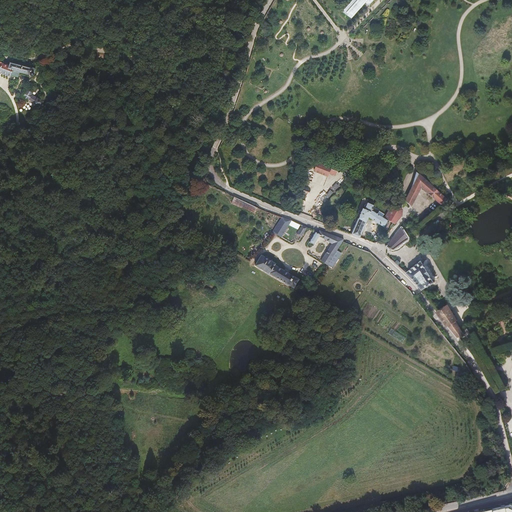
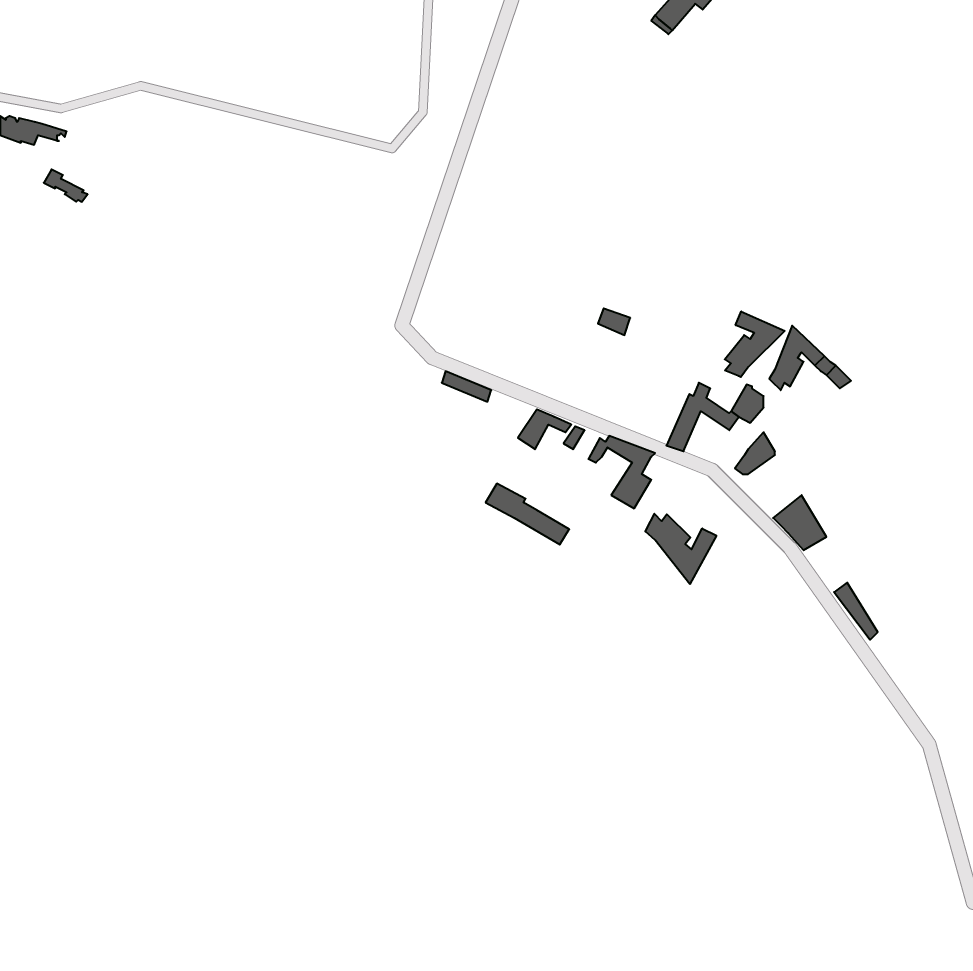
building: none -> [725,311,785,377]
building: none -> [645,514,716,584]

